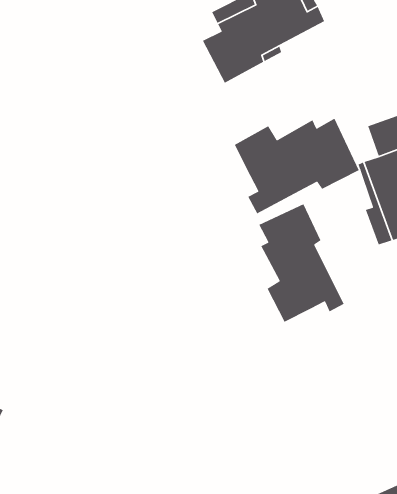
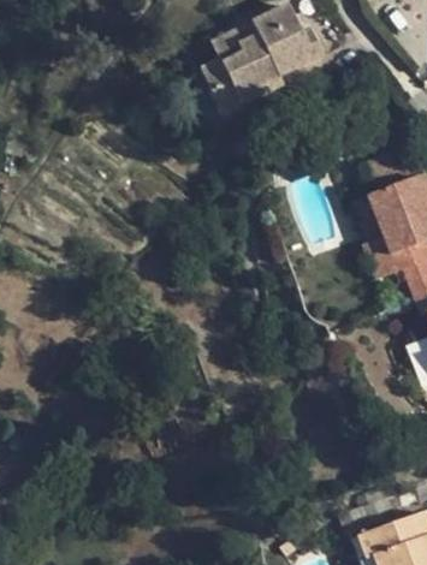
building: [234,118,360,215] -> none
building: [258,203,345,323] -> none

